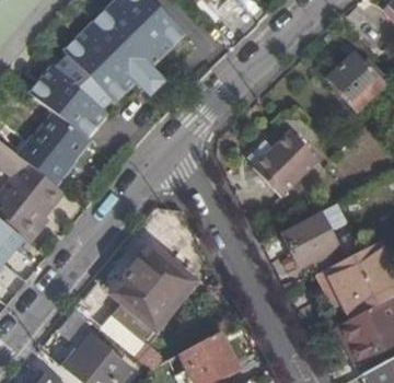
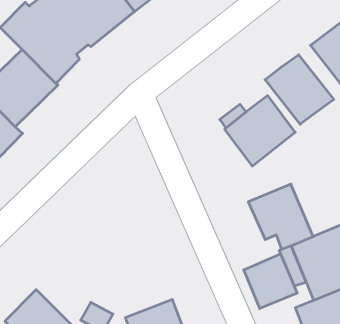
building: none -> [265,55,334,124]
building: [113,245,194,340] -> none
building: none -> [244,254,297,309]

